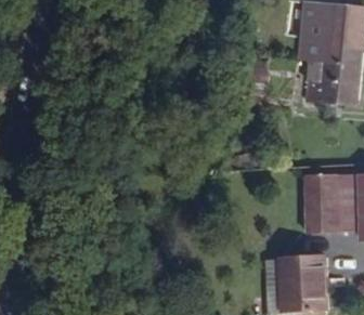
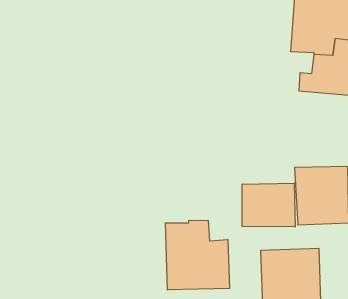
building: none -> [242,183,295,227]
building: none -> [165,220,230,290]

